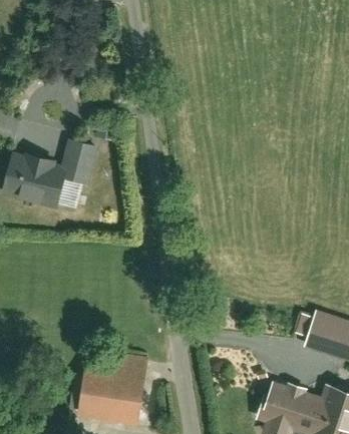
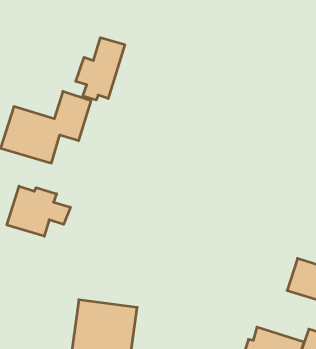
building: none -> [76,38,125,100]
building: none -> [7,186,70,236]

